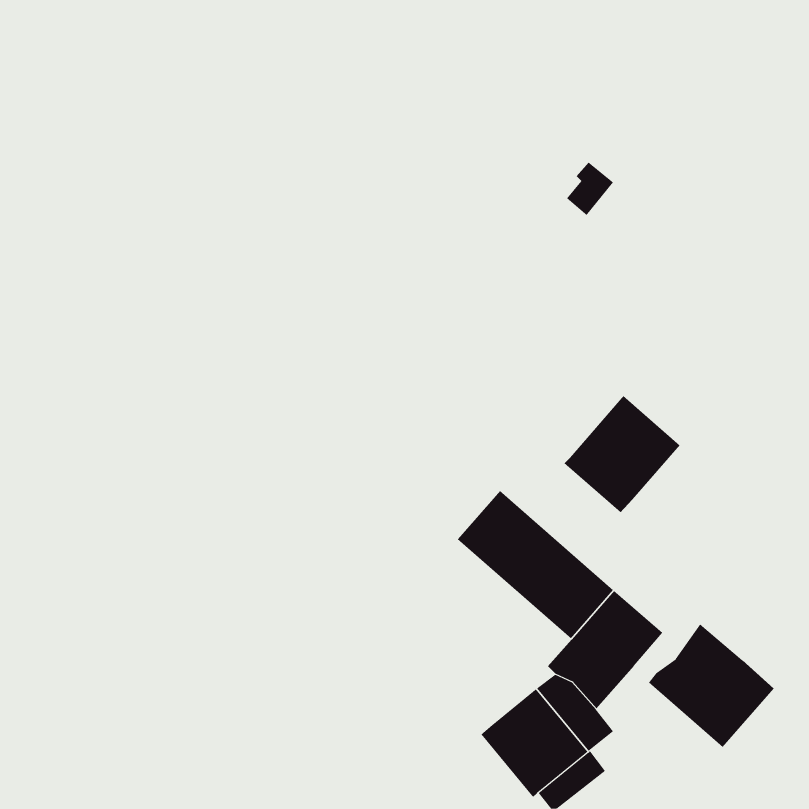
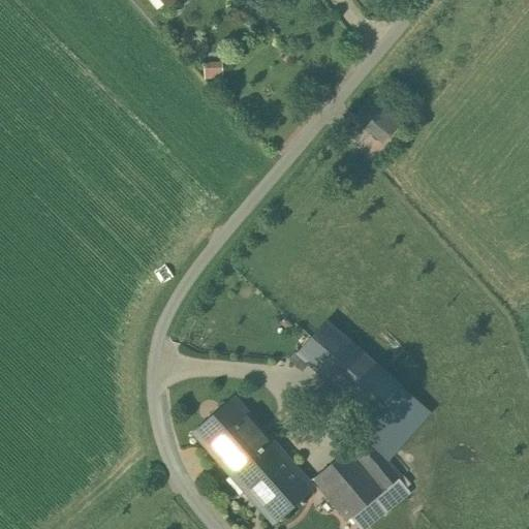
building: [564,395,680,513] -> none
building: none -> [196,399,312,521]
building: [648,623,775,748] -> none

